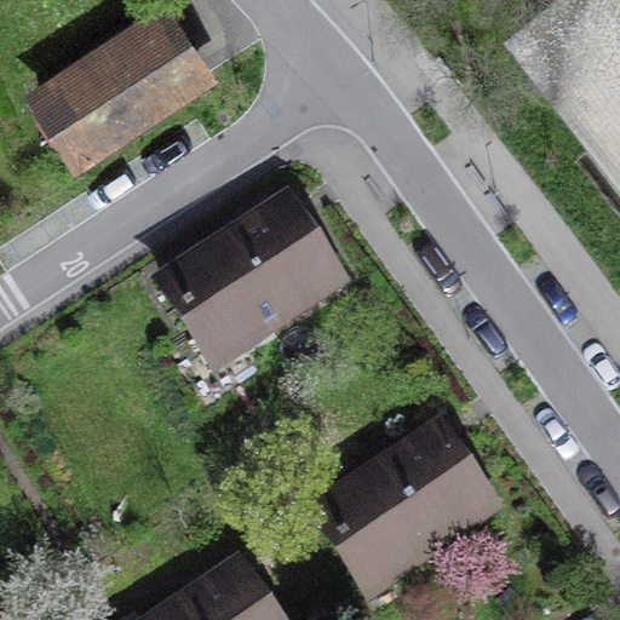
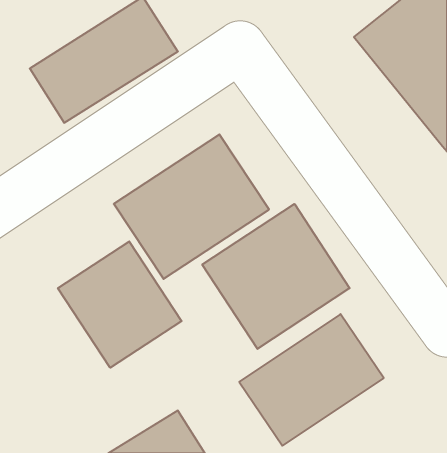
building: none -> [202,204,350,349]
building: none -> [58,241,182,368]

